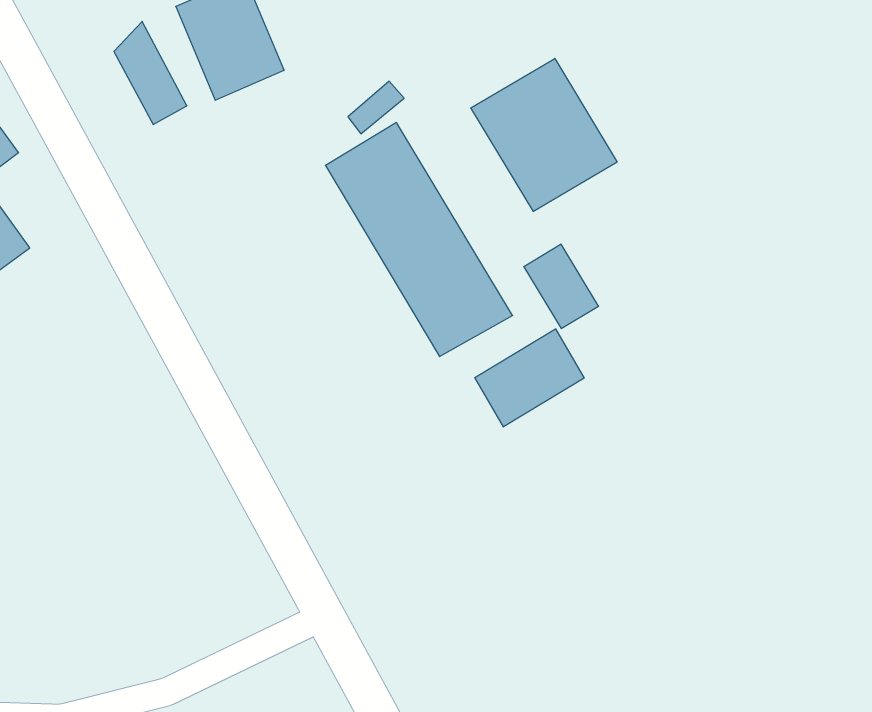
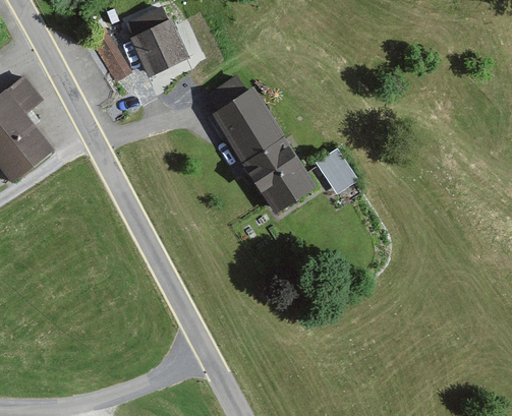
building: [471,58,617,211] -> none
building: [475,329,584,427] -> none

